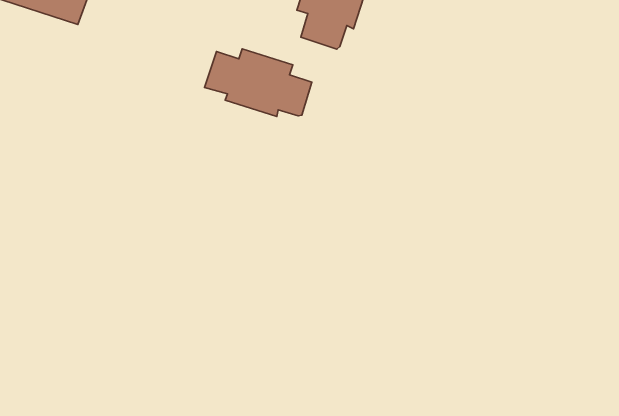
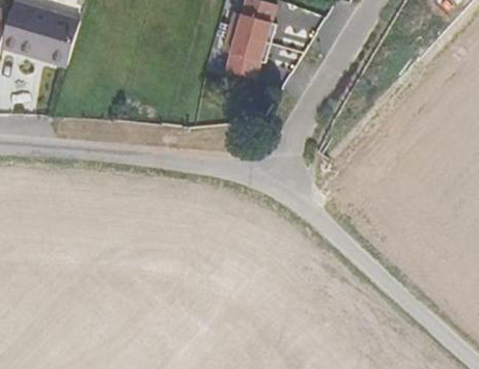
building: [204,49,312,117] -> none

